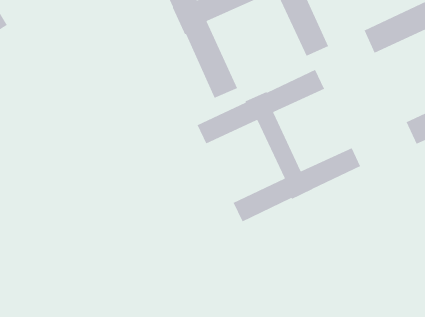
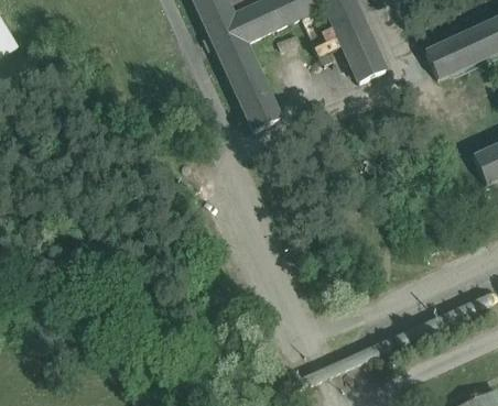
building: [197,69,361,222] -> none

